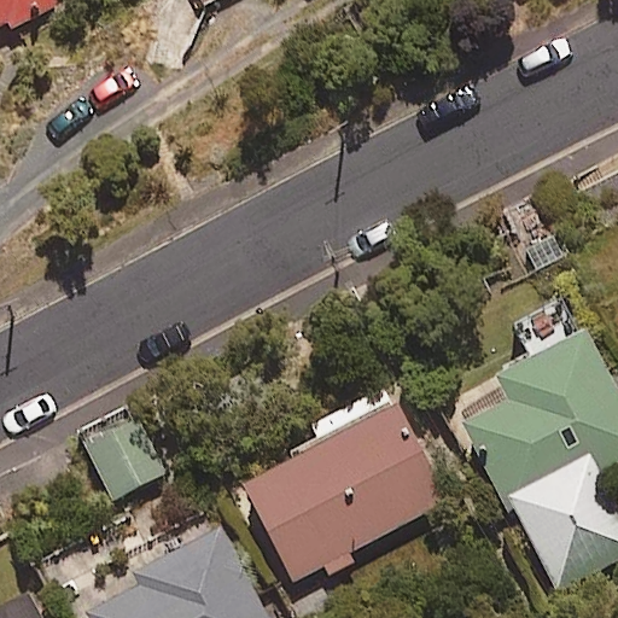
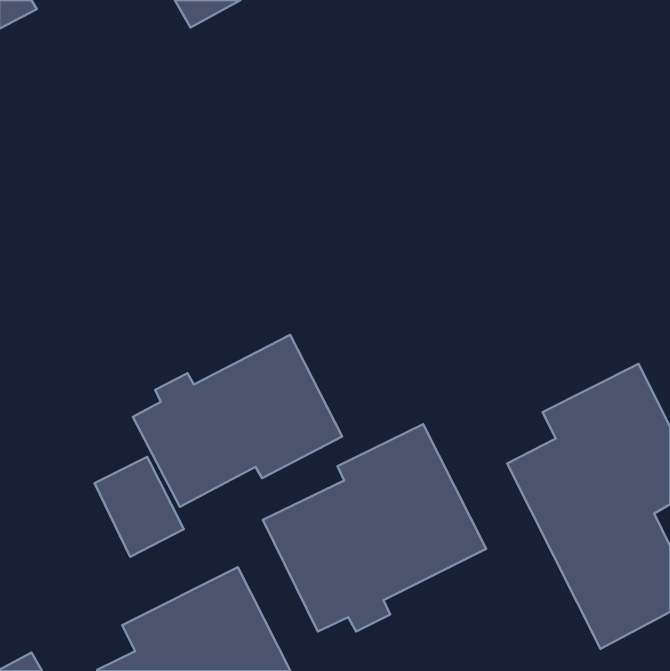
building: none -> [133,335,342,507]

